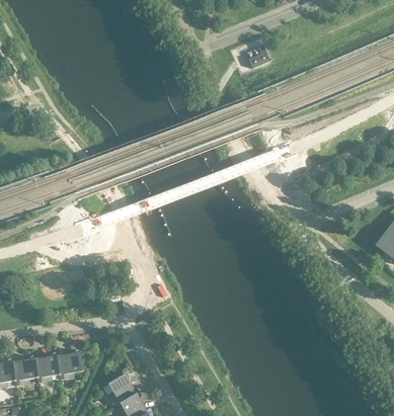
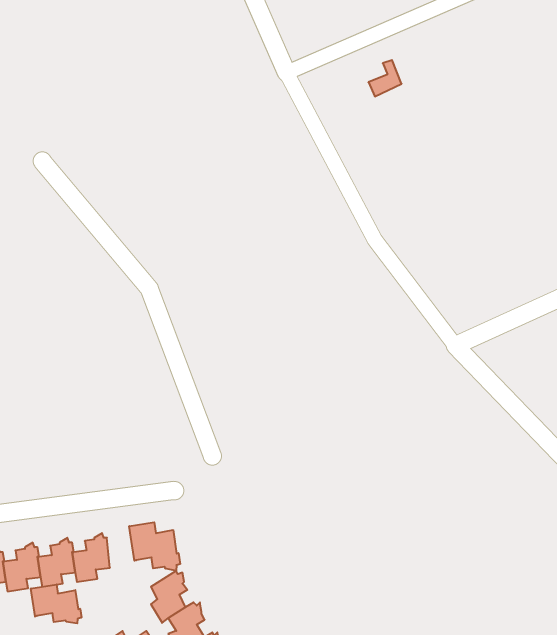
building: none -> [129,522,180,571]
building: none -> [31,584,81,623]

